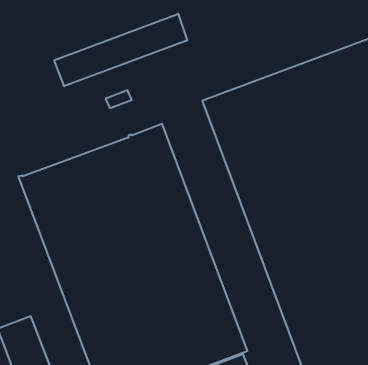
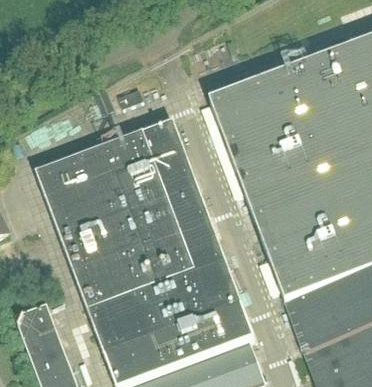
building: [54,14,187,86] -> none

